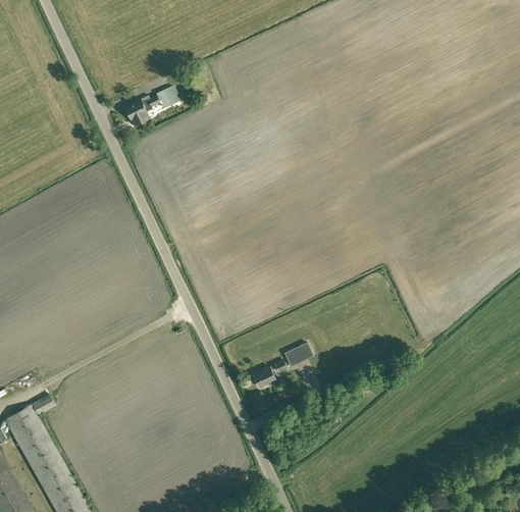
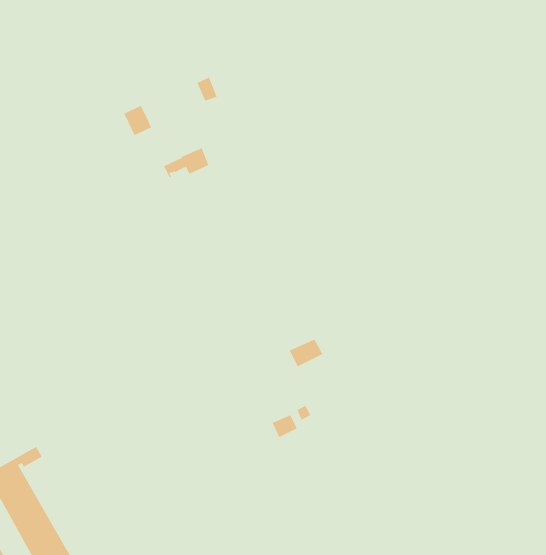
building: [141,85,180,111] -> [163,147,209,178]
building: [283,342,313,366] -> [289,339,323,367]

